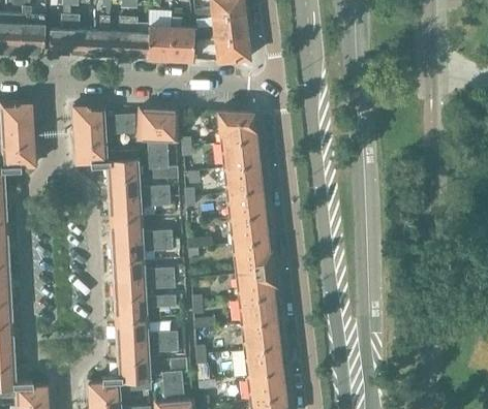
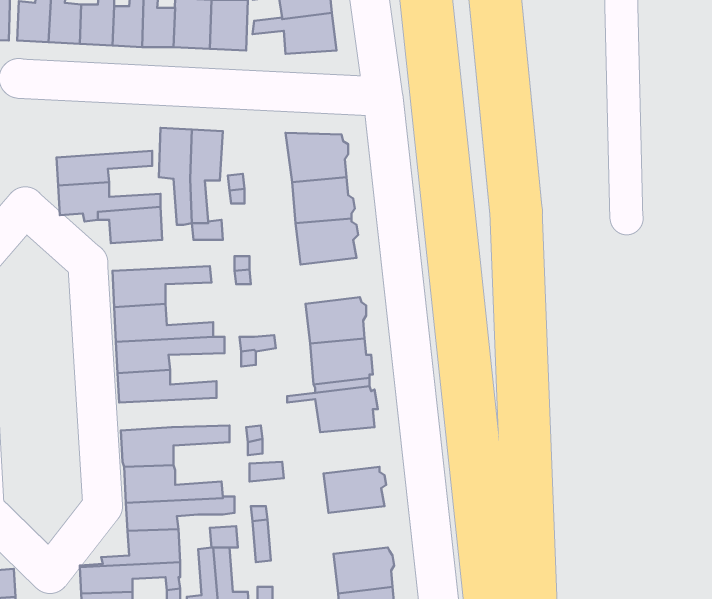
building: [72,105,134,127] -> none
building: [108,179,170,198] -> none
building: [226,190,266,219] -> none
building: [113,278,175,298] -> none
building: [239,296,278,325] -> none
building: [244,346,284,376] -> none

